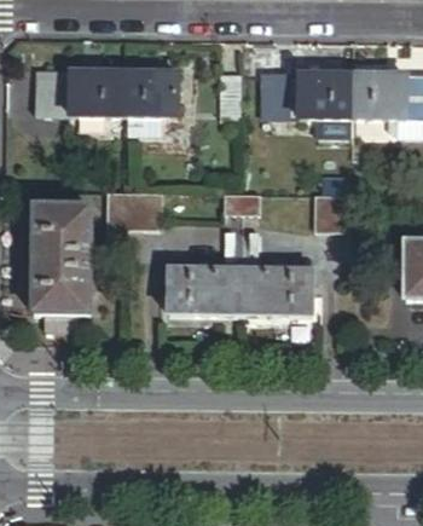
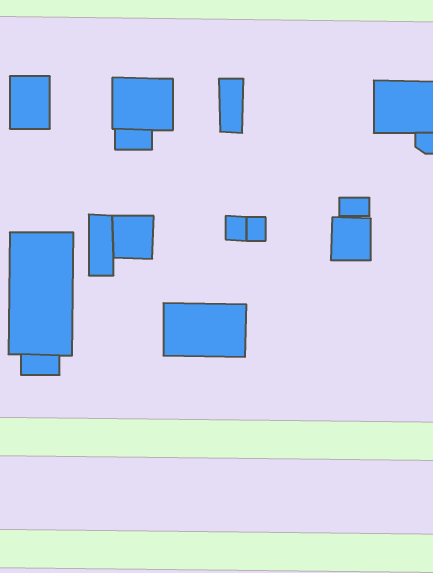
building: [261,62,352,138] -> none
building: [69,69,123,115] -> none
building: [239,268,313,316] -> none

